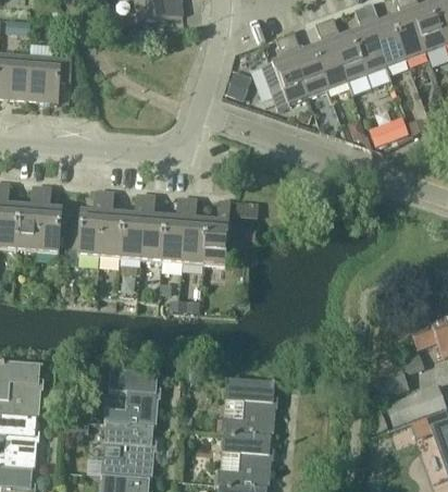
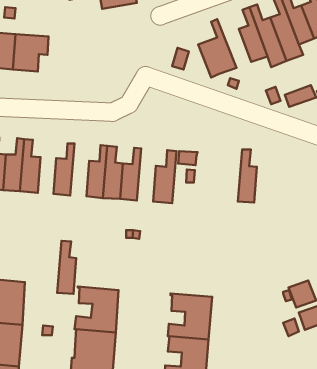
building: [283,30,325,96] -> none
building: [98,190,122,257] -> [57,241,76,294]
building: [182,197,206,263] -> [238,150,257,203]

